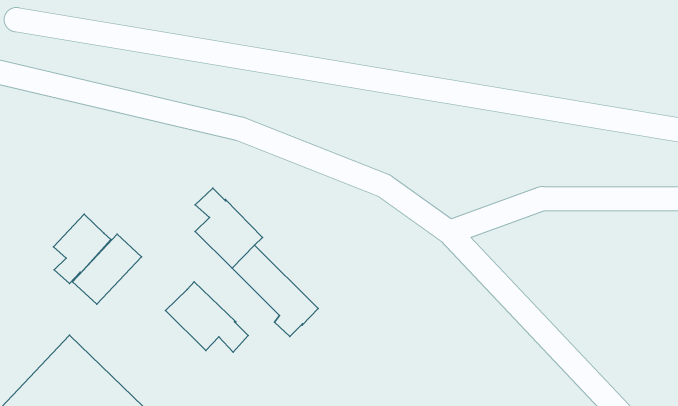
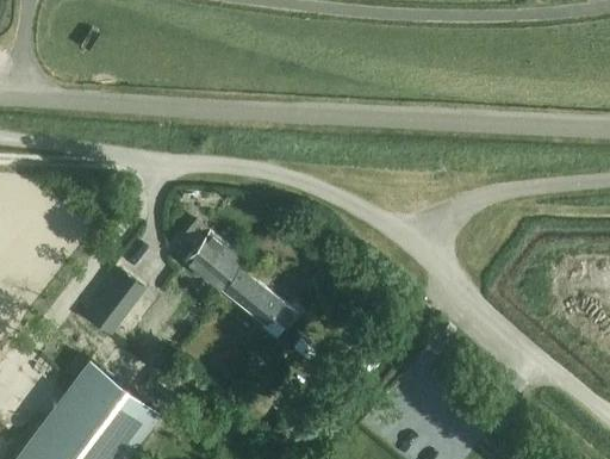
building: [53,214,111,283] -> none
building: [166,282,248,352] -> none

